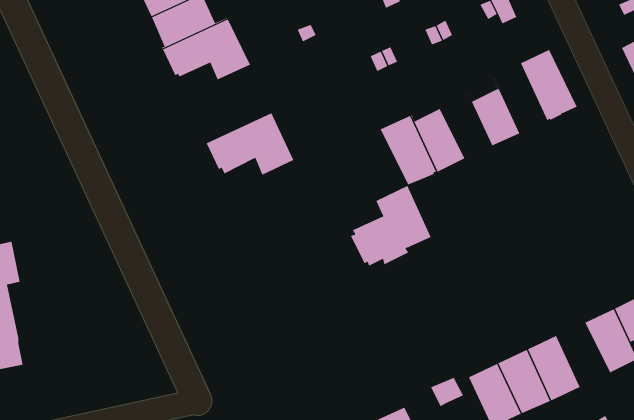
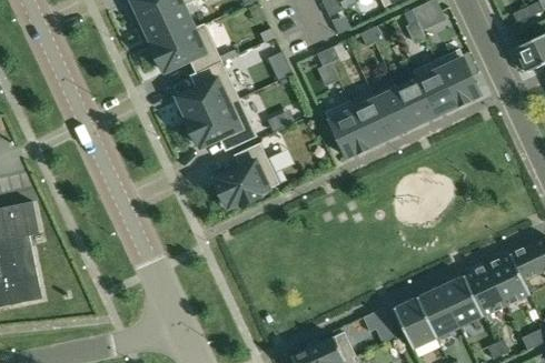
building: none -> [414,60,456,115]
building: none -> [177,61,238,123]
building: none -> [371,85,413,135]
building: [350,185,432,267] -> [214,143,278,208]
building: none -> [464,265,506,316]

